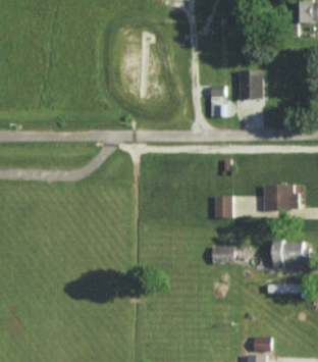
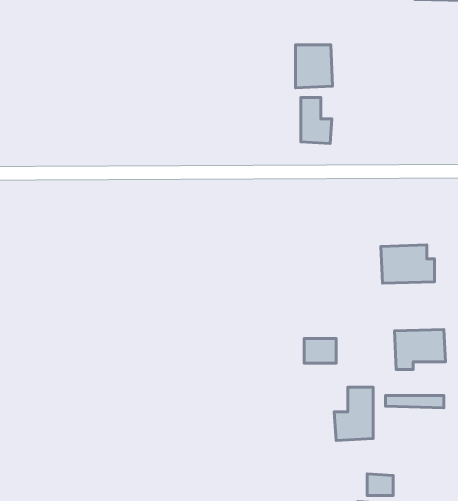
building: [238,70,263,99] -> [296,45,332,88]
building: [213,196,232,218] -> none
building: none -> [334,387,373,440]

